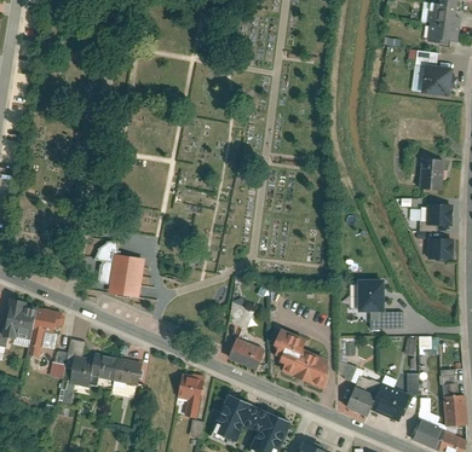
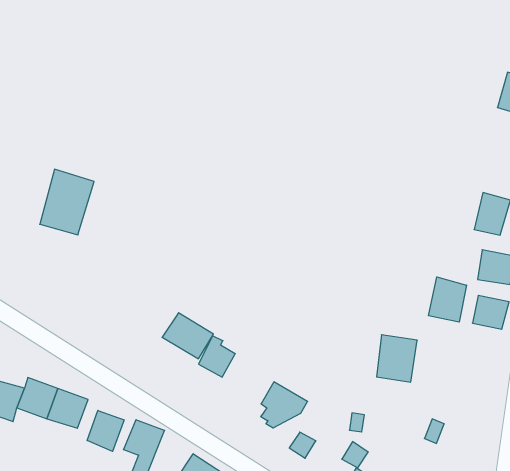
building: none -> [429,277,466,322]
building: [104,255,140,302] -> [40,169,94,235]
building: [228,337,266,370] -> [162,313,213,359]
building: none -> [87,410,124,451]

